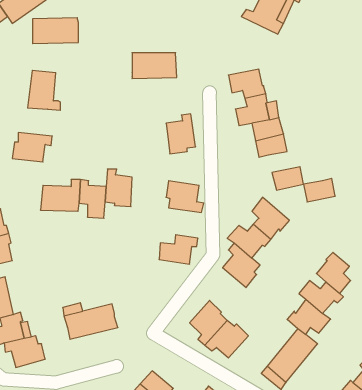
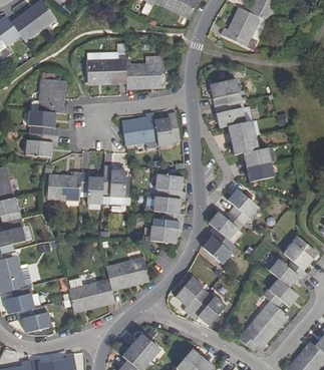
building: [33,18,78,44] -> [87,60,126,82]
building: none -> [27,110,59,135]
building: none -> [123,113,157,144]
building: [304,178,335,202] -> [243,146,270,166]
building: none -> [153,197,184,223]
building: none -> [106,259,147,287]

